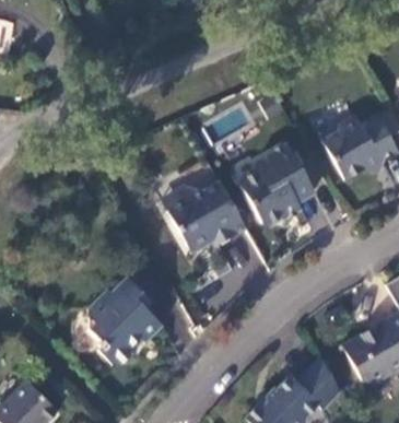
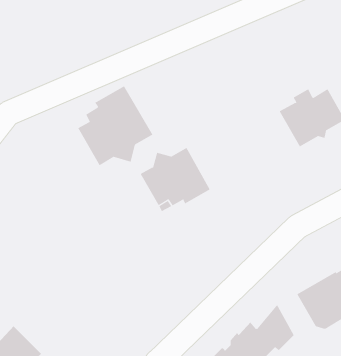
building: none -> [78,86,153,166]
building: [242,144,314,225] -> none
building: [87,275,162,364] -> none

